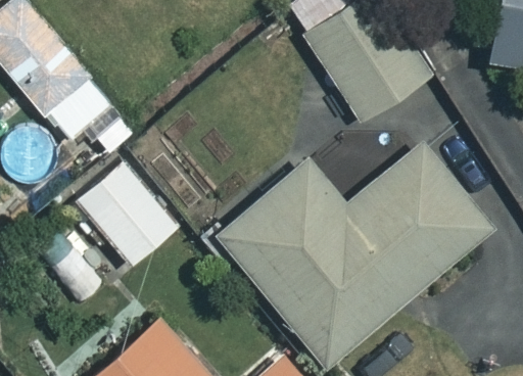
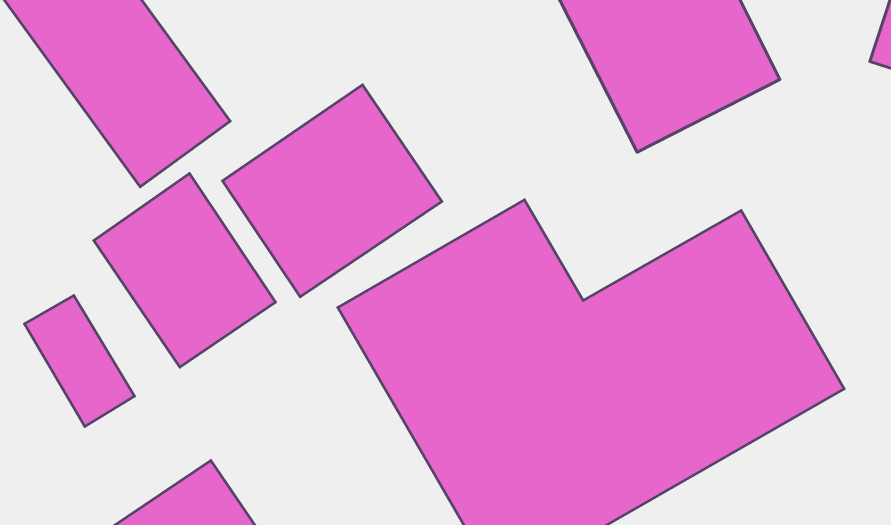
building: none -> [223,85,442,297]

